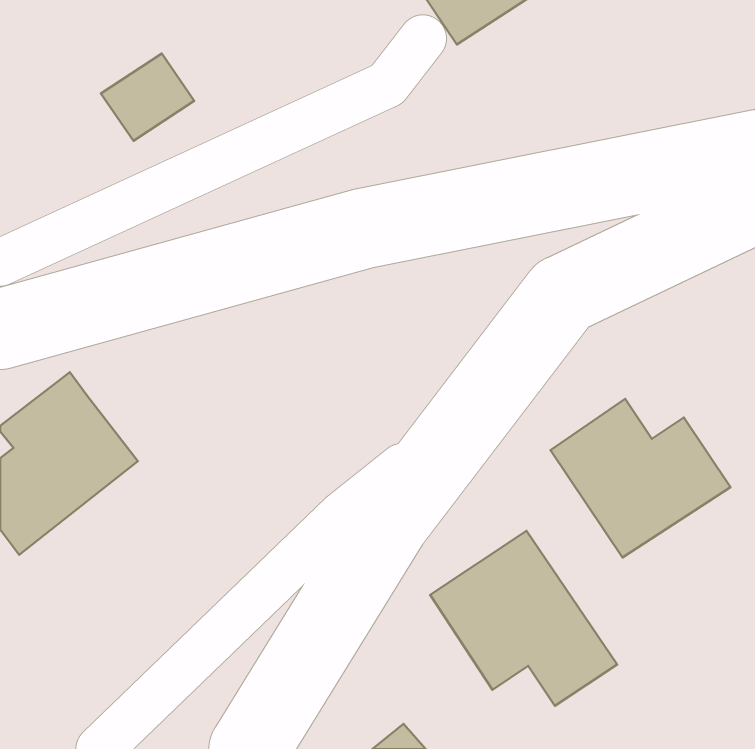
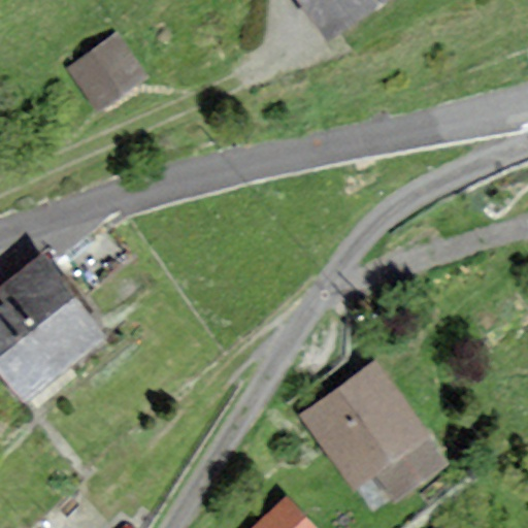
building: [550,399,730,558] -> none

